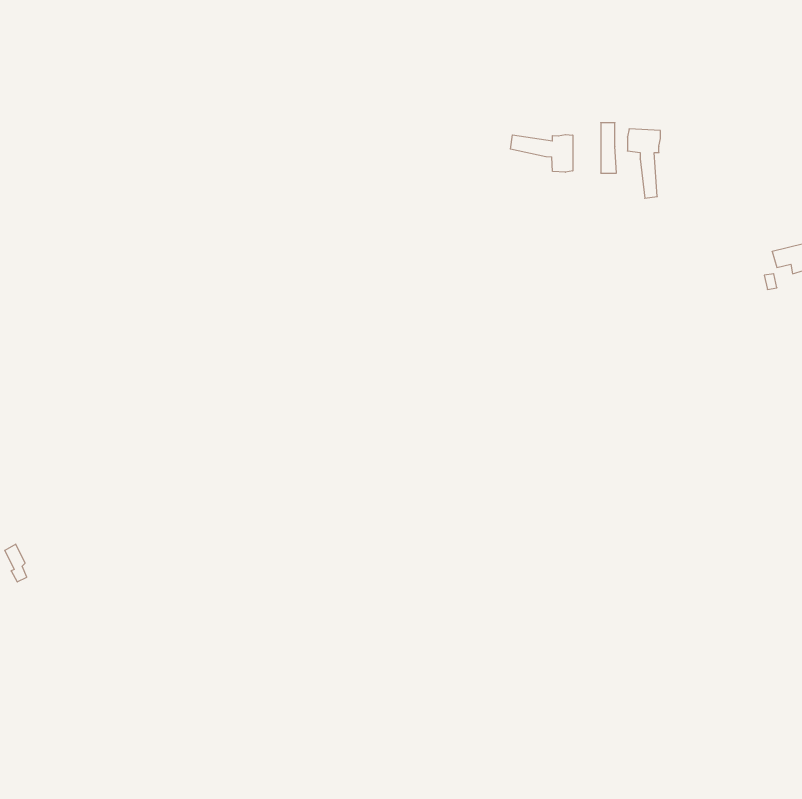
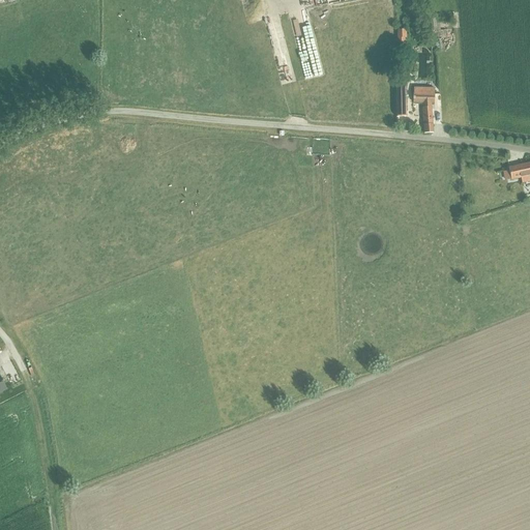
building: [510,135,573,172] -> none

